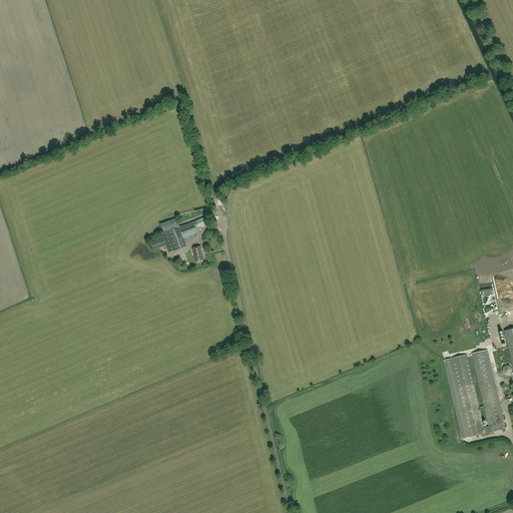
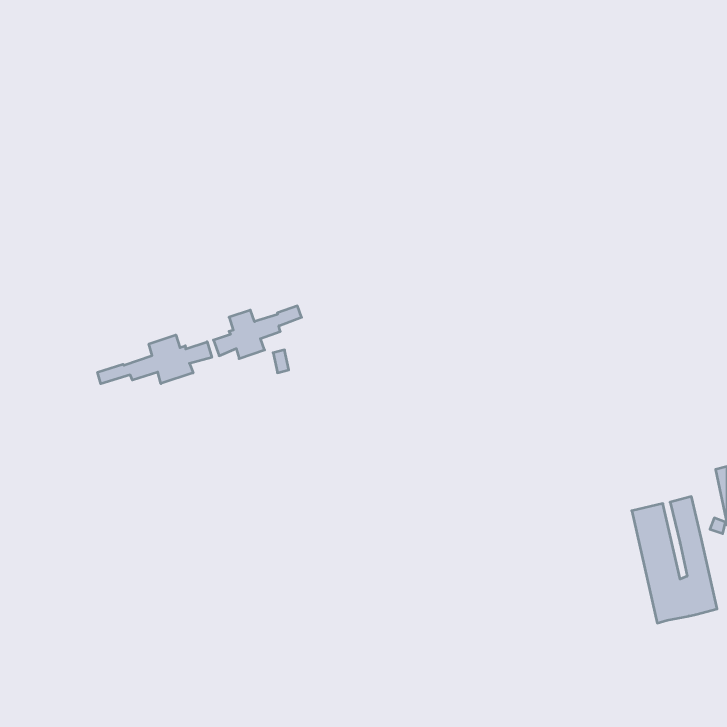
building: none -> [98,335,212,384]

